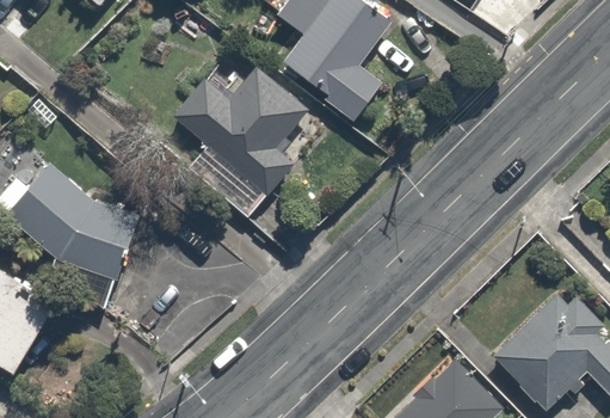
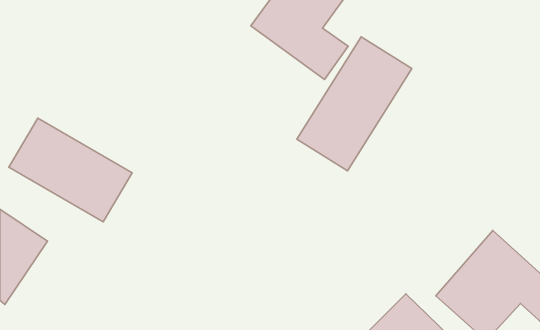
building: [173,69,314,214] -> none
building: none -> [297,37,412,171]

